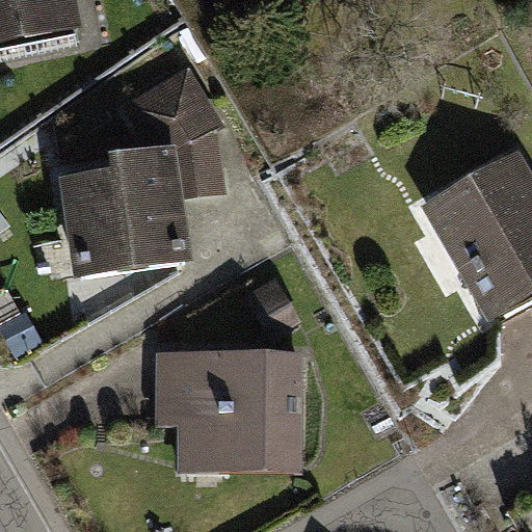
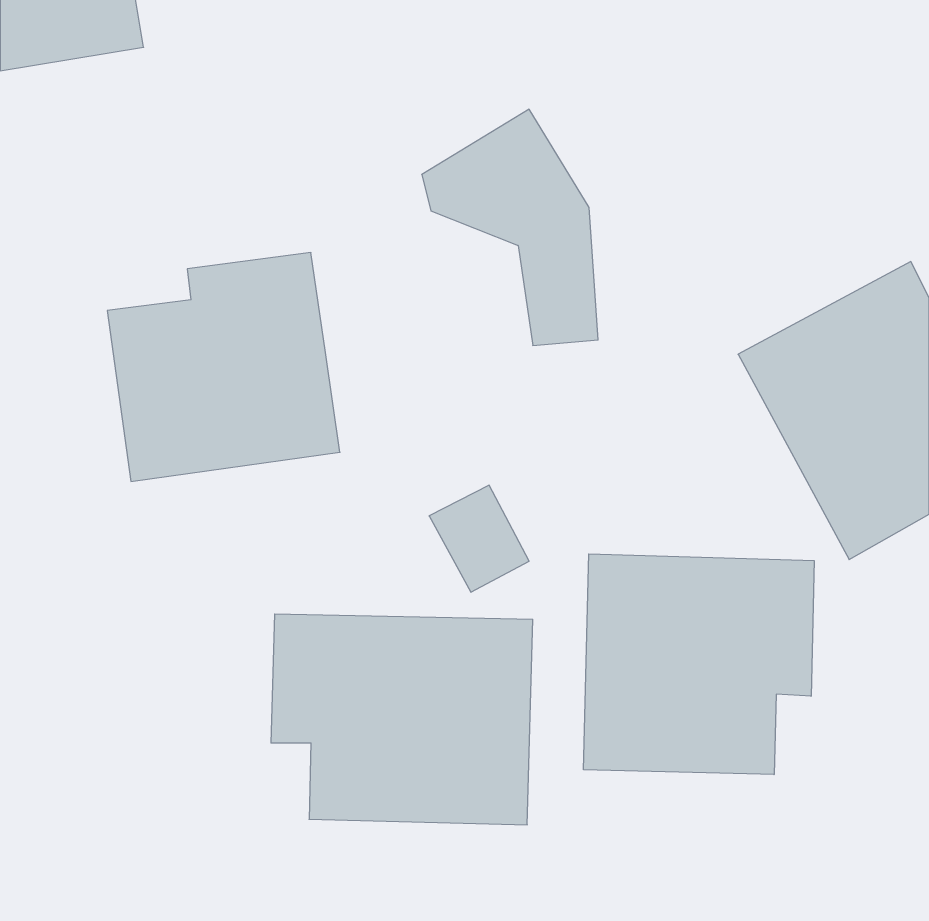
building: [123,66,223,202] -> [422,109,598,345]
building: none -> [584,554,814,775]

